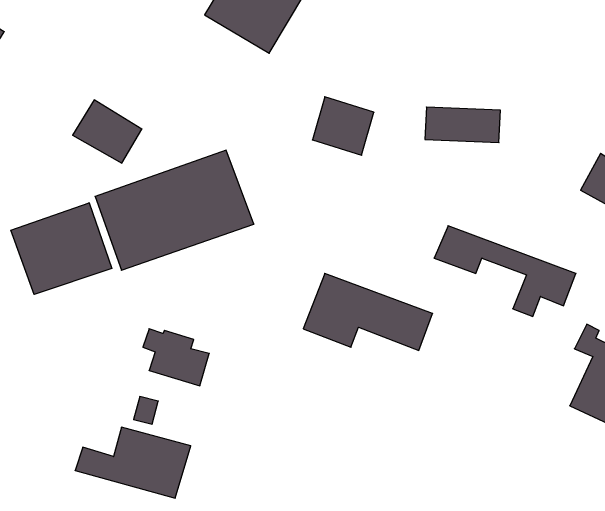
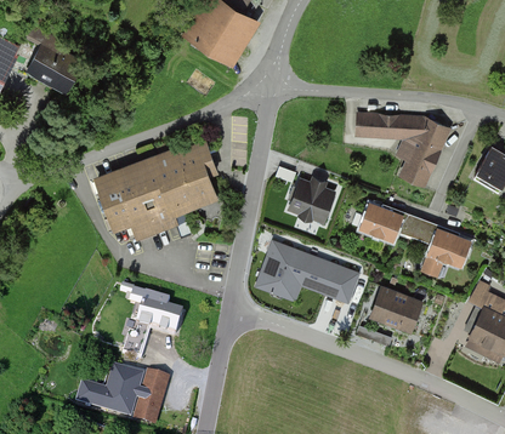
building: [312,97,374,155] -> [288,177,336,223]
building: [73,100,142,163] -> [27,44,81,93]
building: none -> [397,116,452,190]
building: [11,203,112,294] -> none
building: none -> [368,285,420,331]

